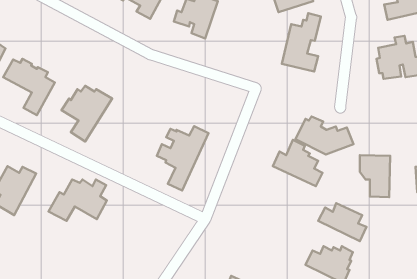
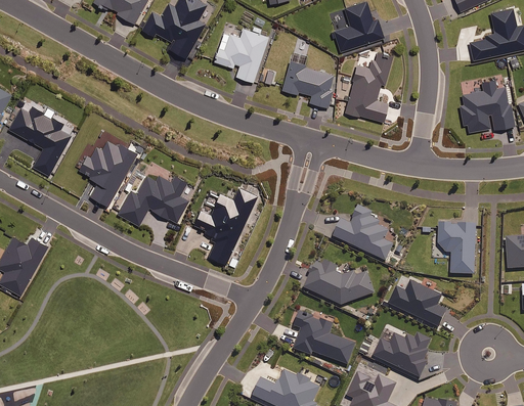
building: none -> [281,50,333,106]
building: [295,116,354,154] -> [304,258,375,304]
building: [49,179,107,221] -> [117,174,187,224]
building: none -> [295,313,356,364]

